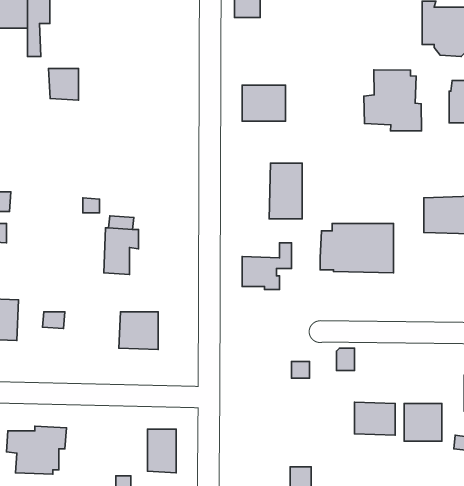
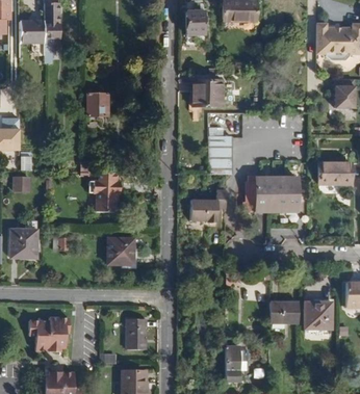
building: [49,69,79,100] -> [87,94,108,115]
building: [364,70,422,131] -> none

